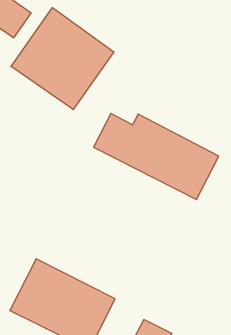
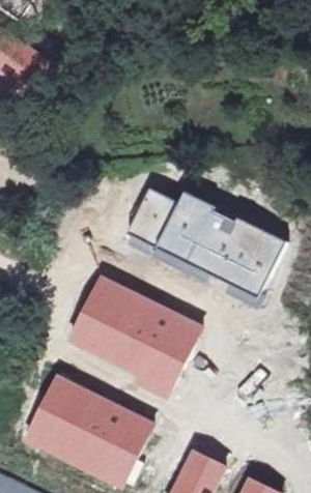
building: [11,8,114,110] -> none
building: none -> [69,272,202,387]

